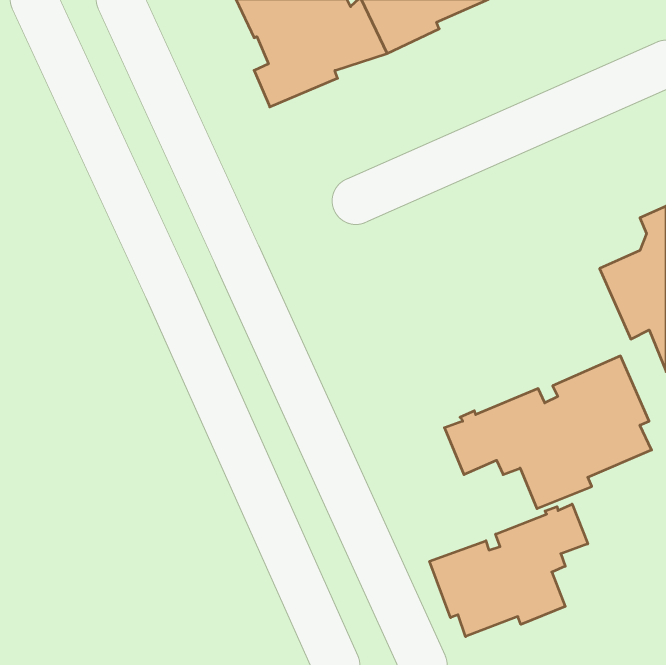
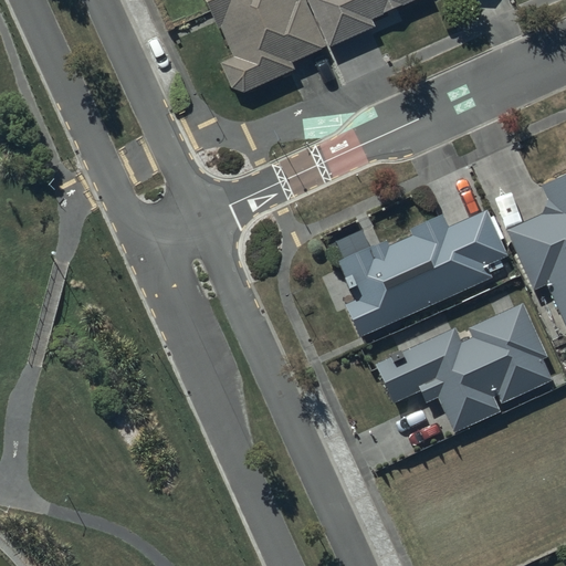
building: none -> [338,210,509,336]
building: [430,504,588,637] -> none

